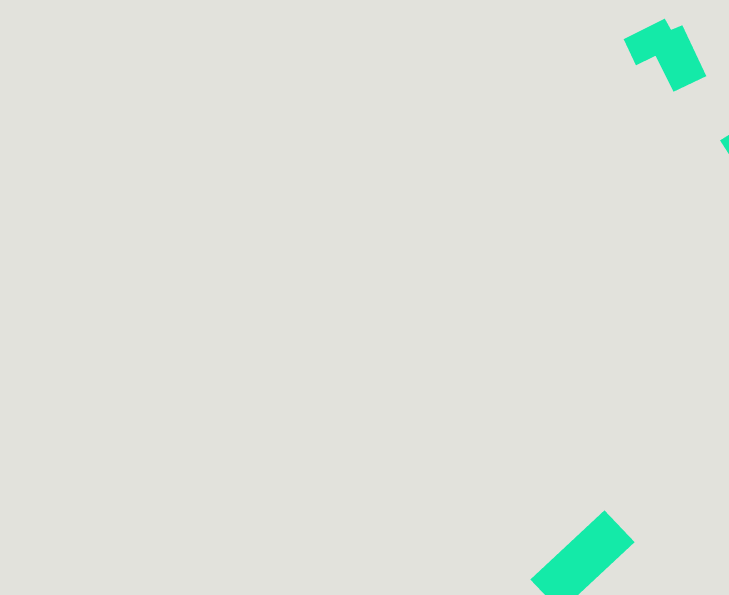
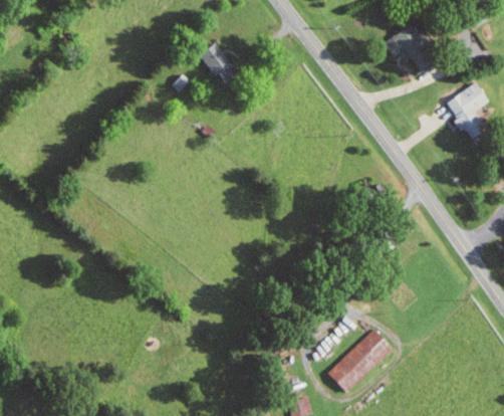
building: none -> [203,42,239,86]

